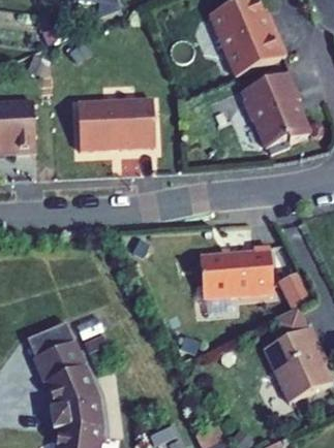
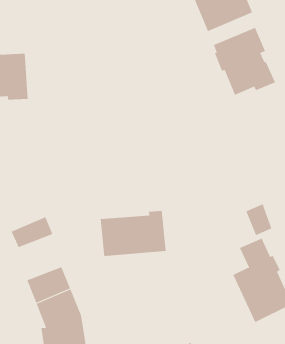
building: [78,98,156,150] -> none
building: [200,246,274,297] -> [100,210,166,257]
building: [26,319,73,354] -> [11,217,53,248]

